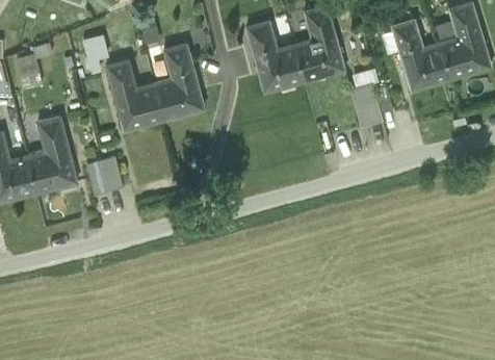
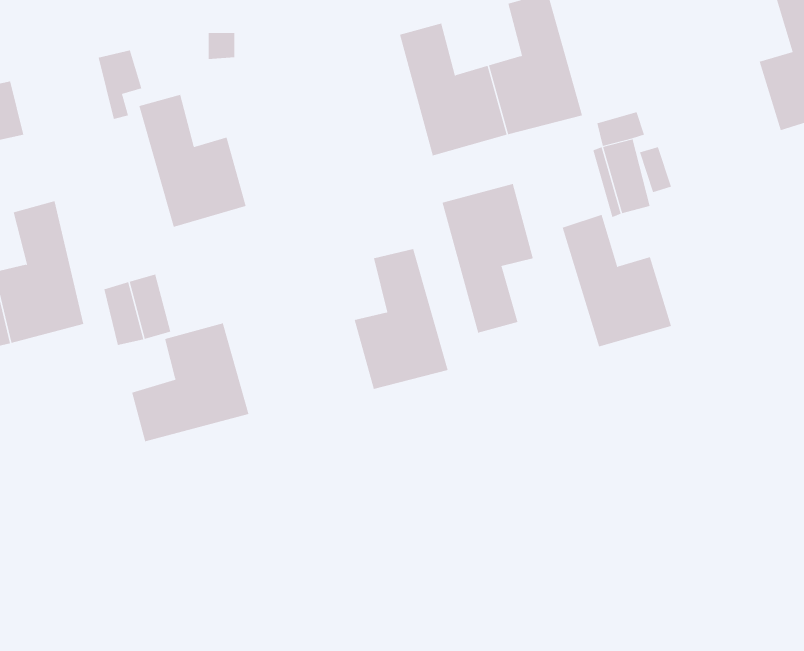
building: [391,19,450,91] -> [562,214,672,347]
building: [153,44,204,120] -> [354,248,448,389]
building: none -> [442,183,533,334]
building: none -> [132,322,249,442]

